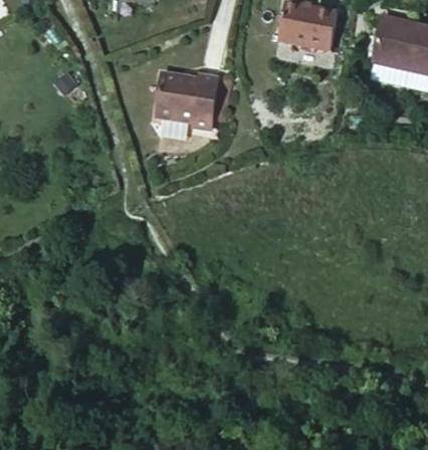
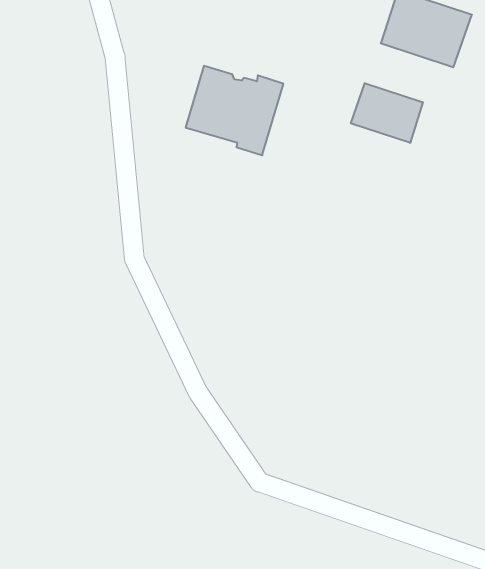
building: none -> [351,83,423,143]

